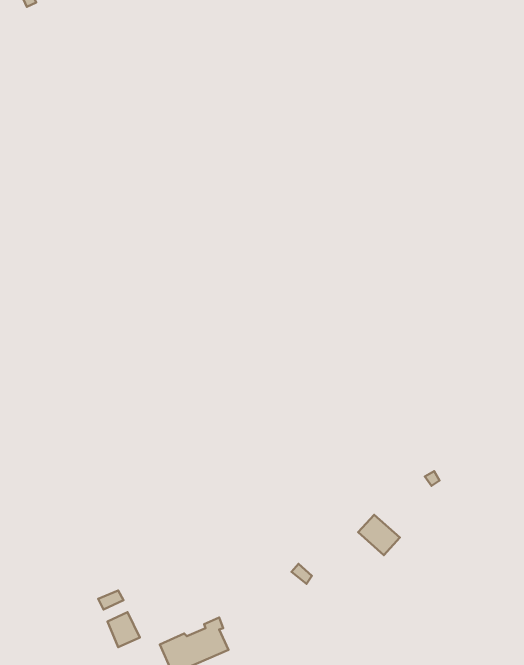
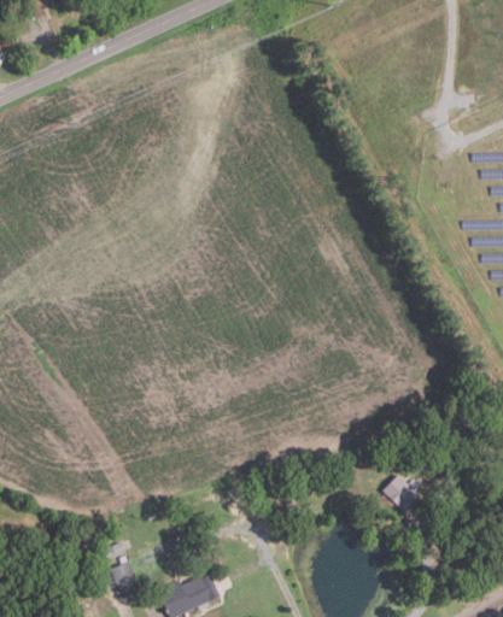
building: [358,515,400,555] -> [382,476,420,512]

